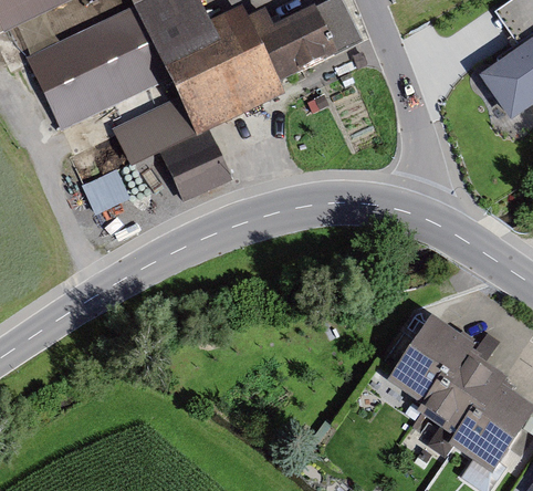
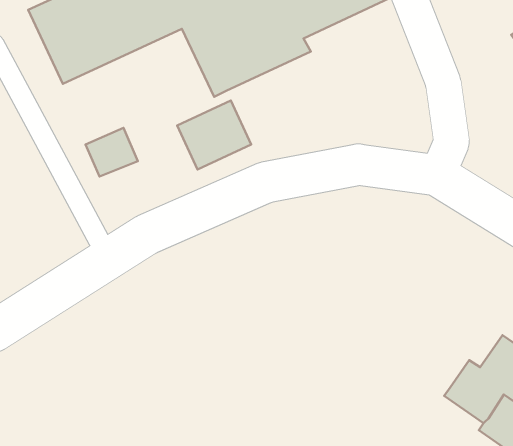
building: [107,90,217,176] -> none
building: [385,317,473,404] -> none

